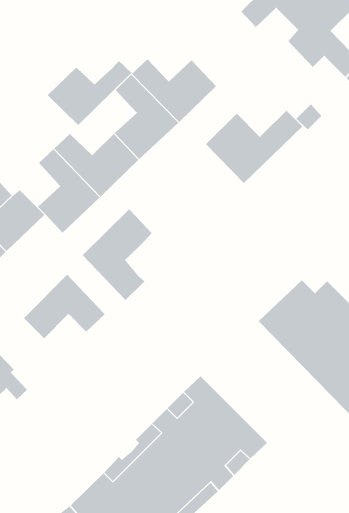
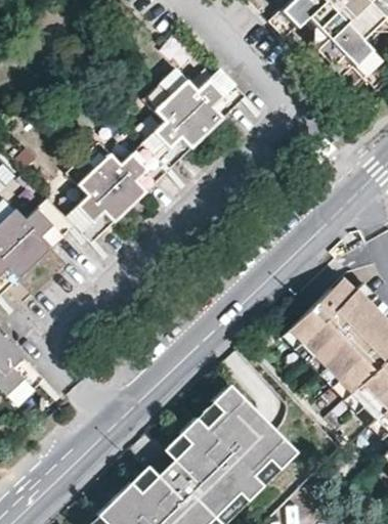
building: [47,60,132,126] -> none
building: [205,110,303,184] -> none
building: [82,208,152,301] -> none
building: [23,274,106,339] -> none

